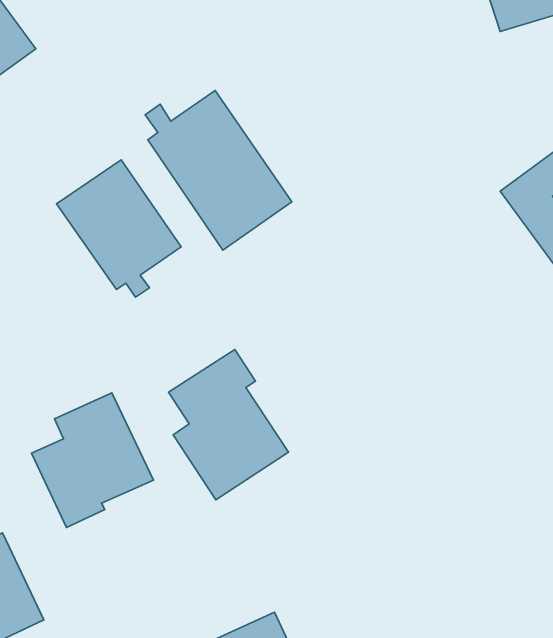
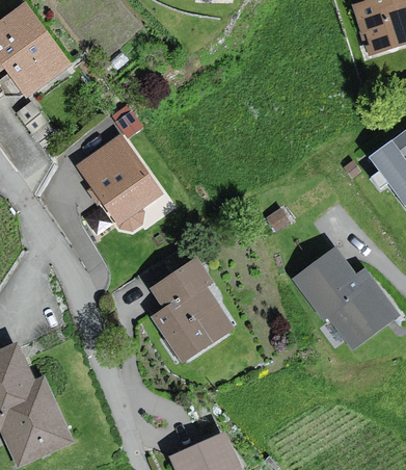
building: [145,91,292,250] -> none
building: none -> [294,249,396,346]
building: [31,393,154,528] -> none

